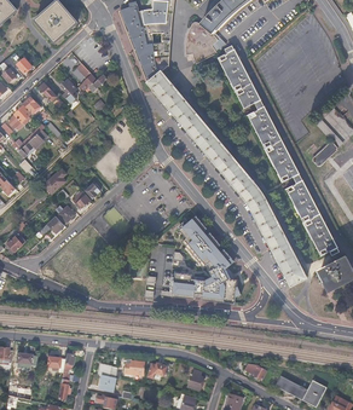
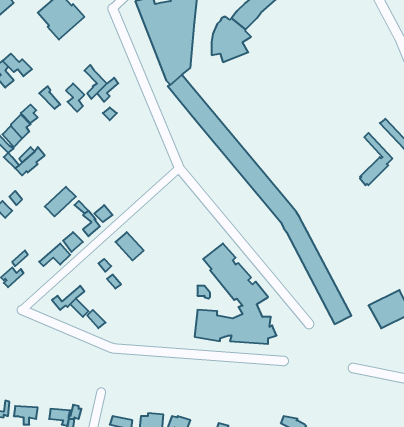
building: [216,47,337,256] -> none

